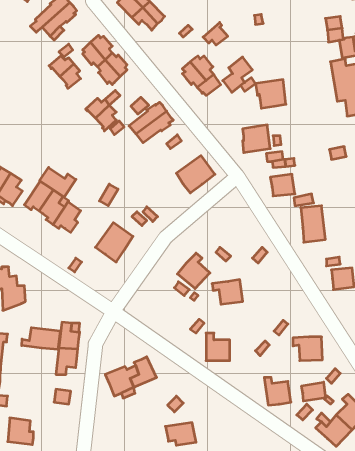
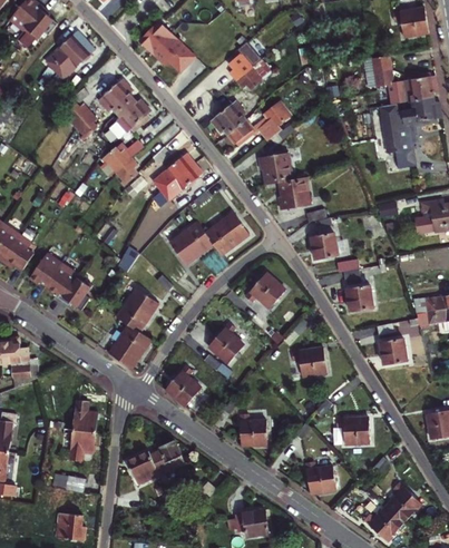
building: none -> [230,42,258,79]
building: [255,80,286,108] -> [258,153,293,185]
building: none -> [162,222,213,265]
building: [40,167,76,197] -> none
building: none -> [244,273,285,309]
building: none -> [105,324,148,369]
building: [212,280,243,304] -> [292,348,326,375]
building: none -> [163,366,198,405]
building: [22,328,60,350] -> none
building: [302,382,326,401] -> none
building: [8,418,33,445] -> [55,511,84,541]
building: [165,423,196,445] -> [234,511,269,537]

